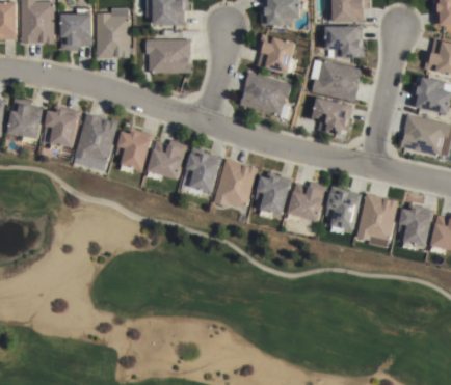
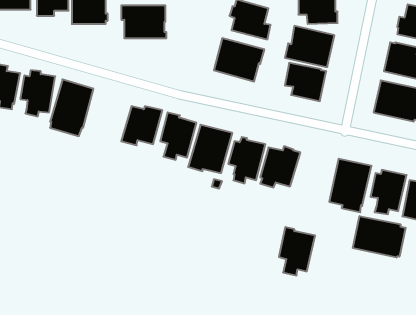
building: [115,131,153,173] -> none
building: [324,186,361,235] -> [279,227,315,275]
building: none -> [353,216,406,258]

